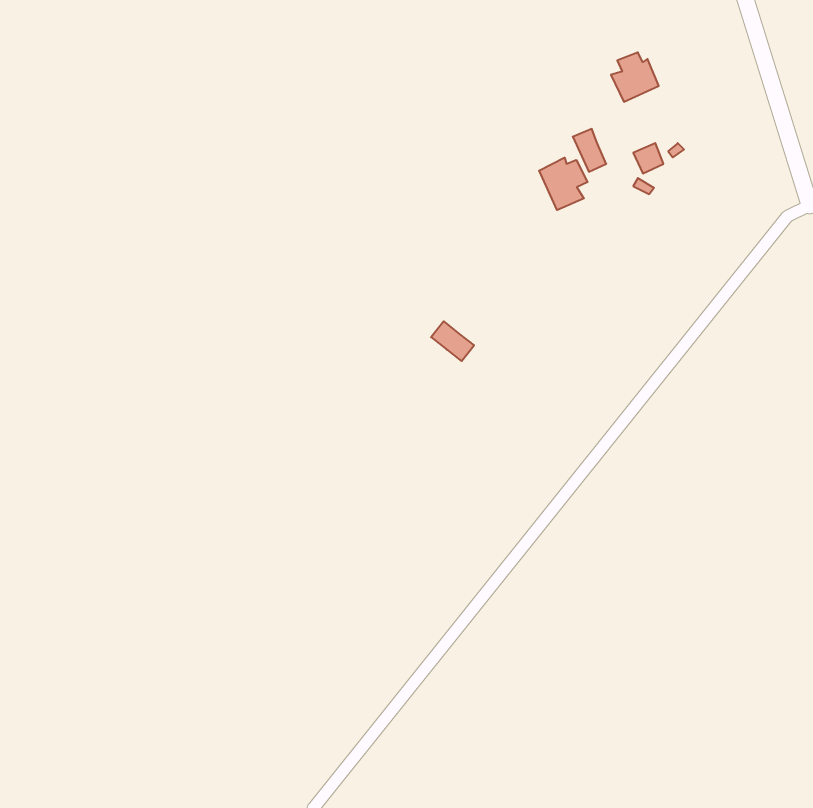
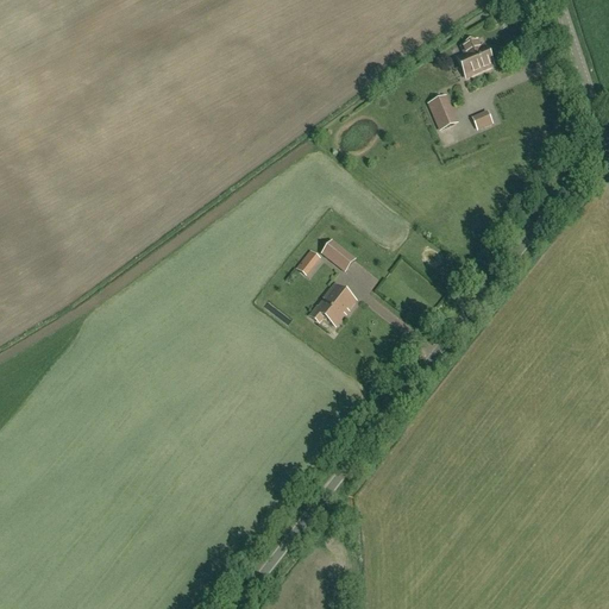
building: [539,158,588,210] -> none
building: none -> [309,283,356,325]

